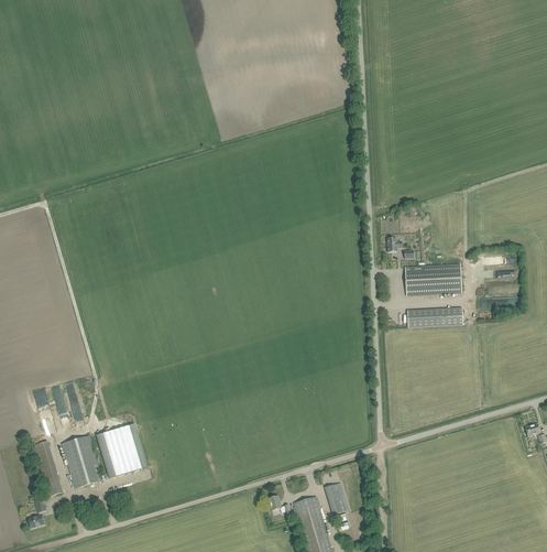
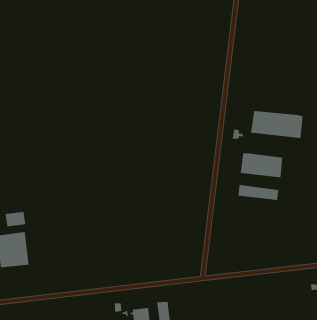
building: none -> [250,110,303,139]
building: none -> [5,211,26,227]

